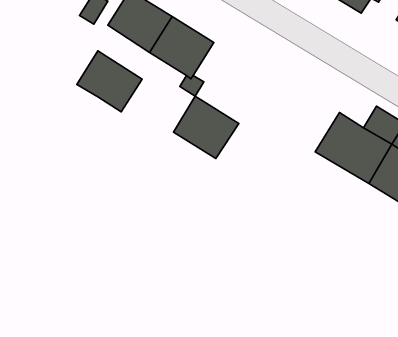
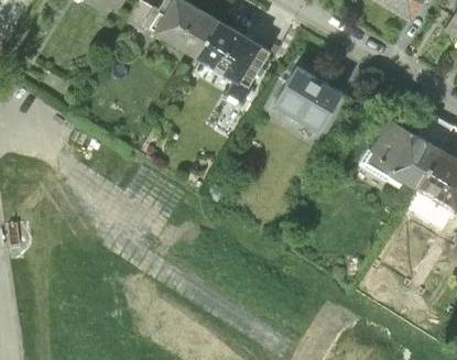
building: [77,51,142,112] -> none
building: [173,96,239,158] -> [273,68,339,131]

